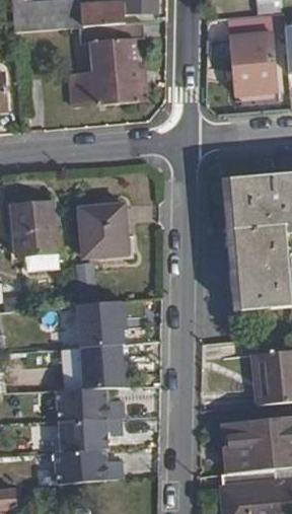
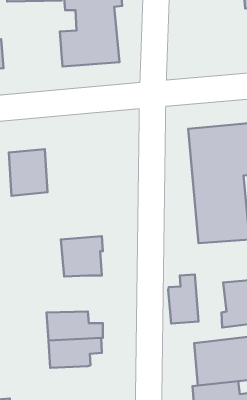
building: [229,34,278,92] -> none
building: [80,206,127,258] -> none
building: none -> [168,274,199,323]
building: [53,347,112,389] -> none
building: [55,451,123,486] -> none

